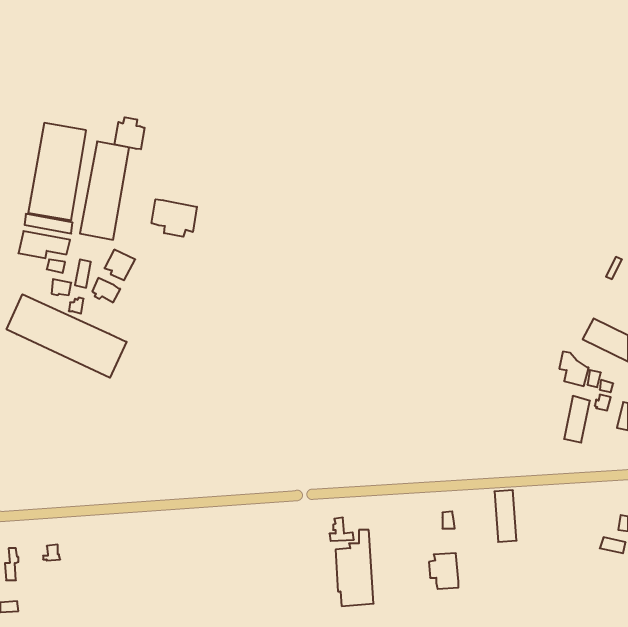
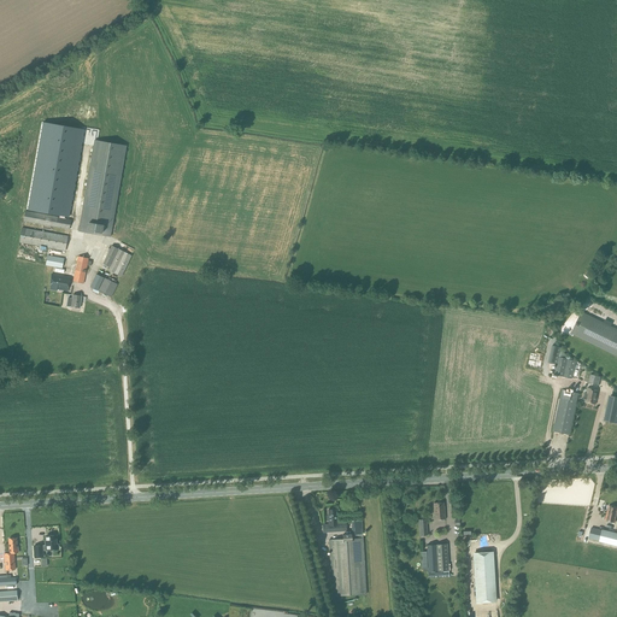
building: [115,117,145,149] -> none
building: [152,199,197,237] -> none
building: [7,294,127,378] -> none
building: [494,490,517,542] -> [474,551,495,601]

